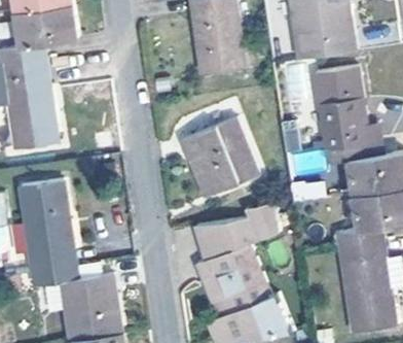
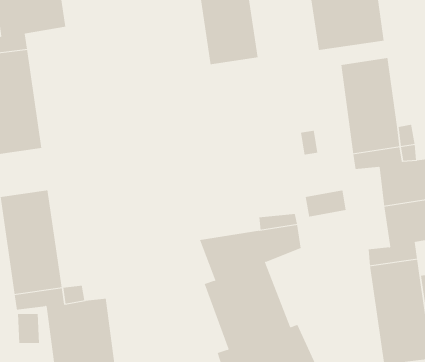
building: [180,115,255,195] -> none

